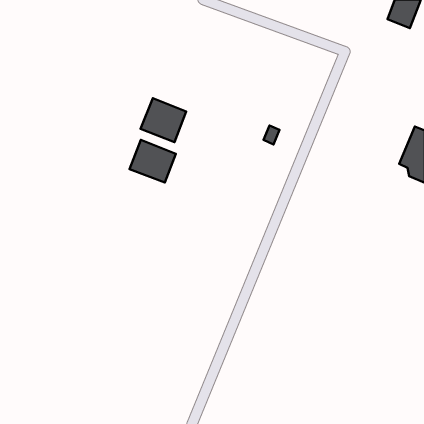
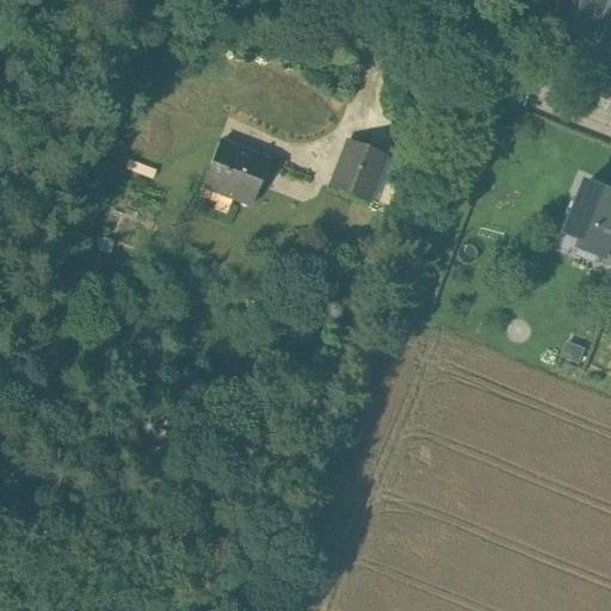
building: none -> [331,140,385,200]
building: [129,140,176,183] -> none

